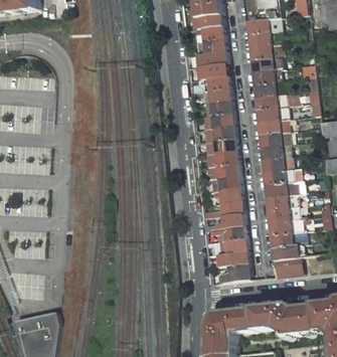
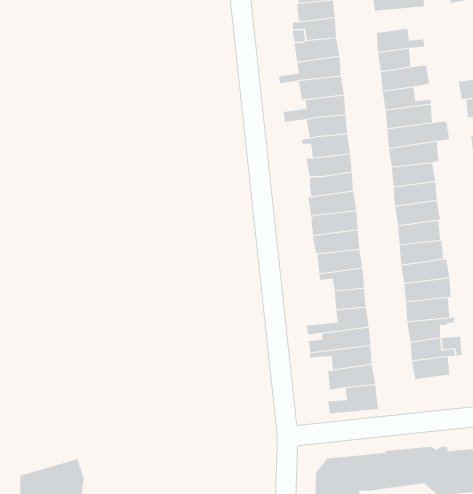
building: [246,16,281,33] -> none
building: [273,255,298,275] -> none

